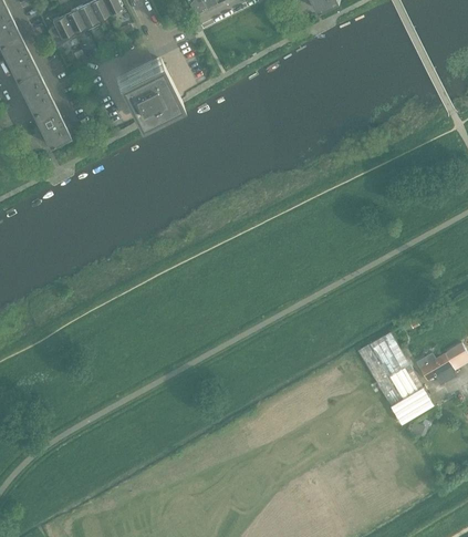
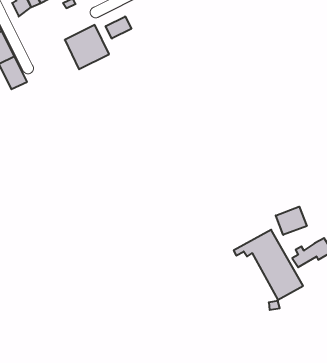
building: none -> [106,16,131,39]
building: none -> [276,207,307,235]

